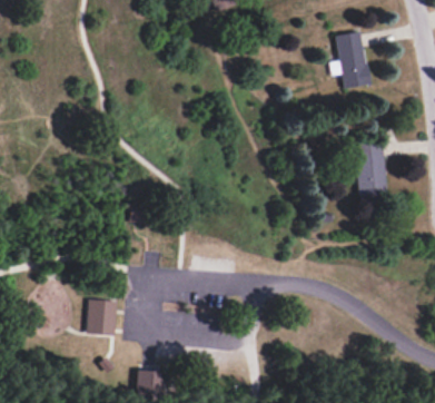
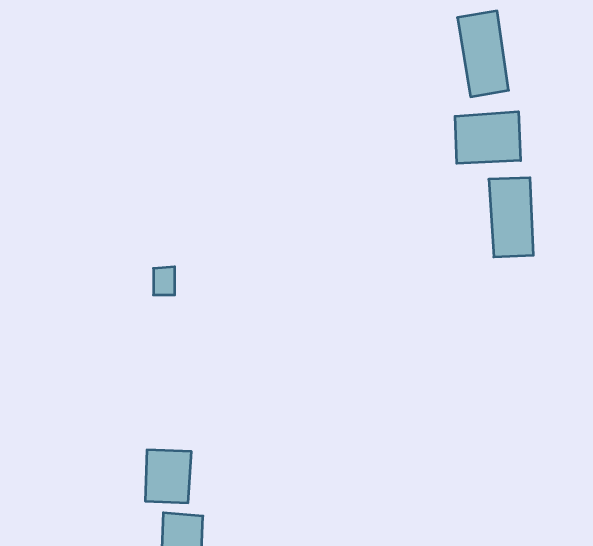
building: none -> [455,112,521,163]
building: [87,299,118,335] -> [145,450,191,503]

